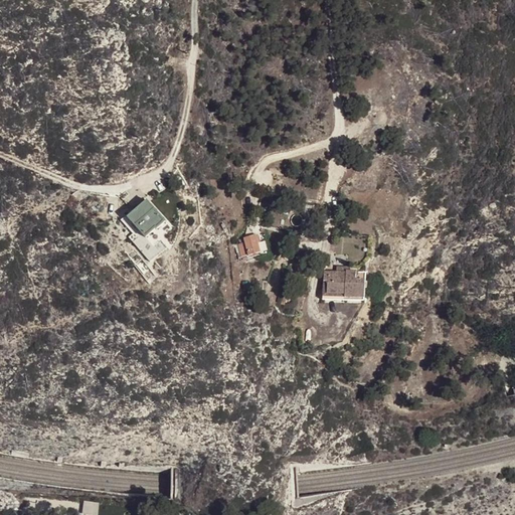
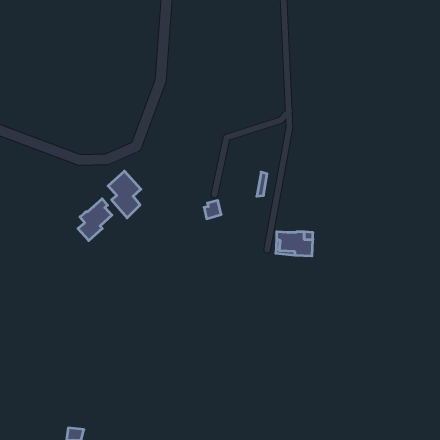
building: none -> [78,199,112,241]

